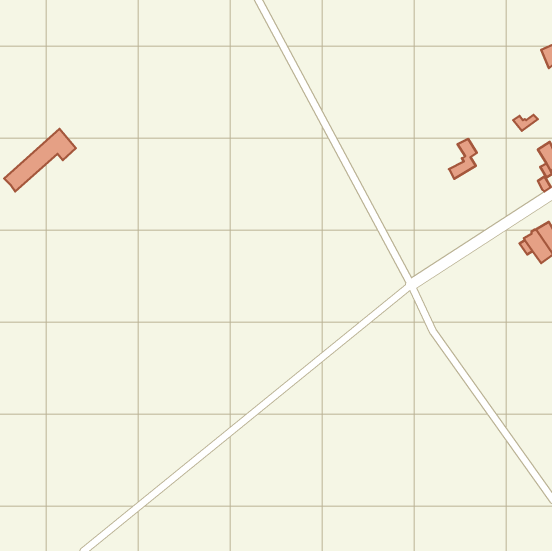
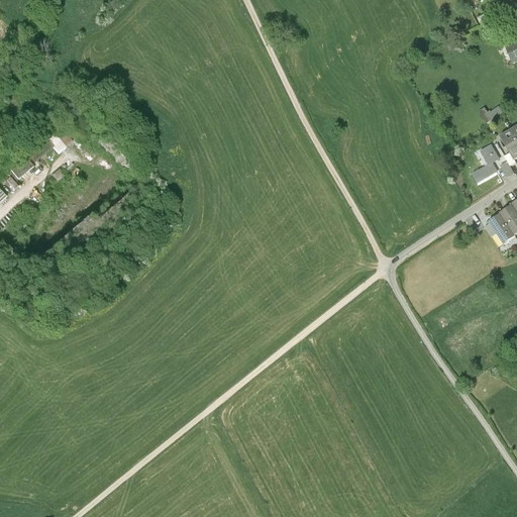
building: [449,139,477,179] -> [474,144,500,182]

